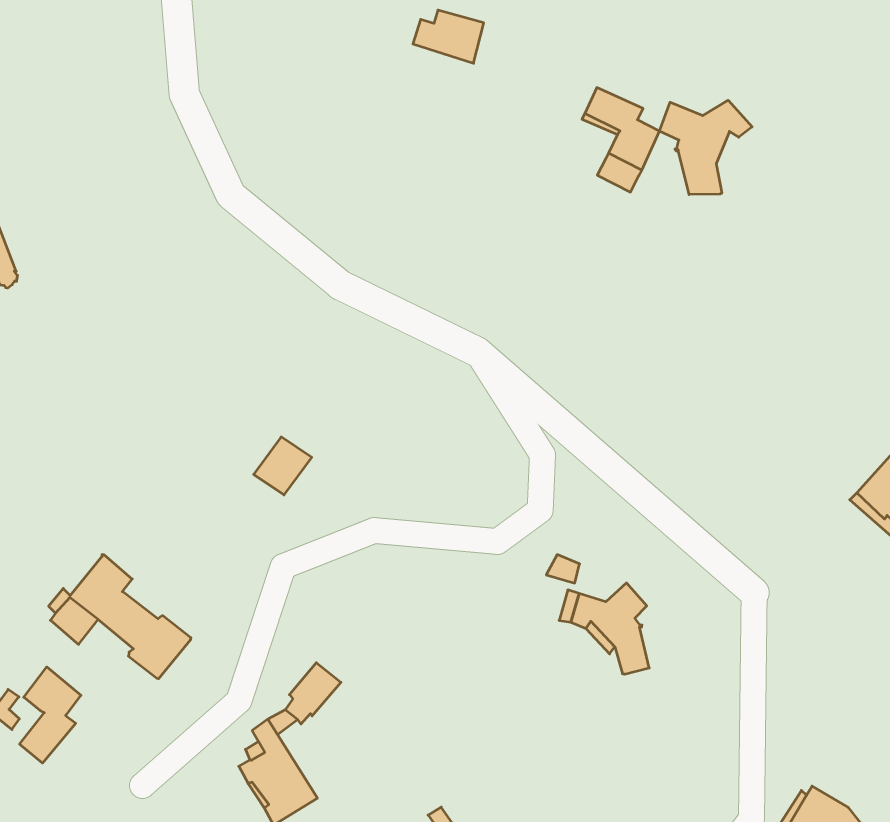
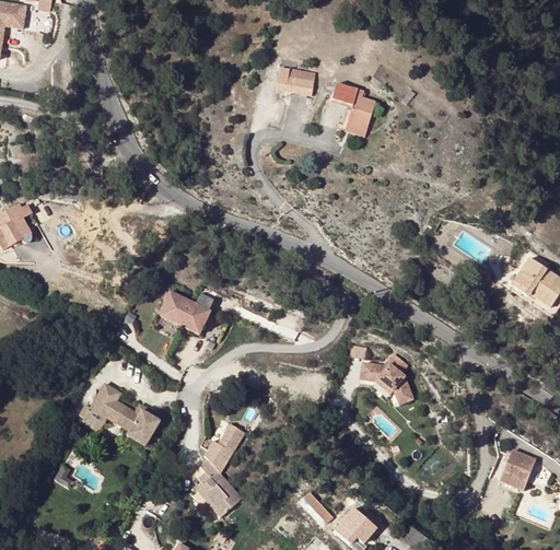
building: [413,10,484,63] -> [277,68,314,94]
building: [660,100,752,195] -> none
building: none -> [158,290,191,324]
building: [20,667,81,763] -> none

